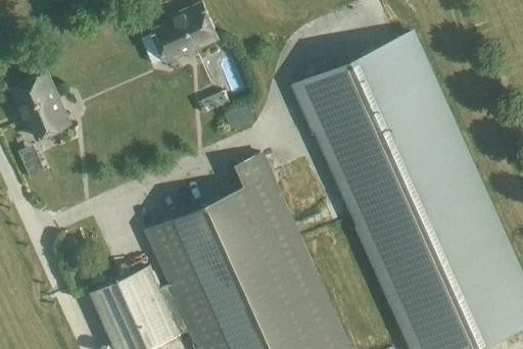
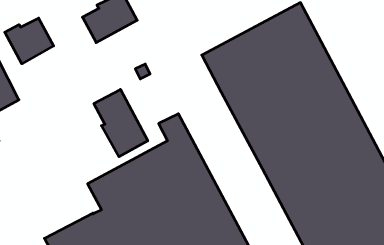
building: none -> [5,18,54,64]
building: none -> [94,89,148,157]

